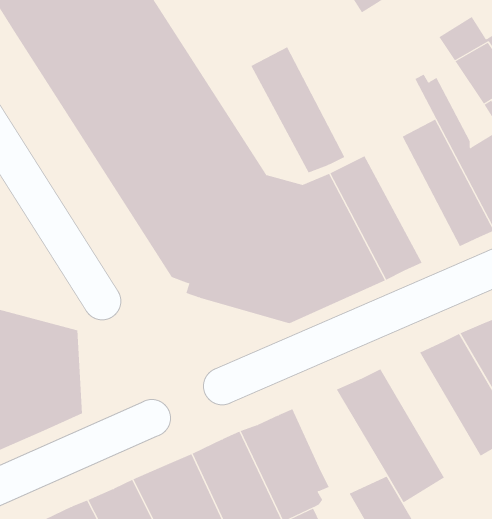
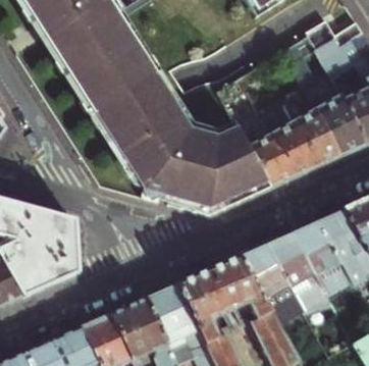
building: [251,47,345,173] -> [259,94,319,174]
building: none -> [269,231,334,314]
building: none -> [213,255,273,325]

